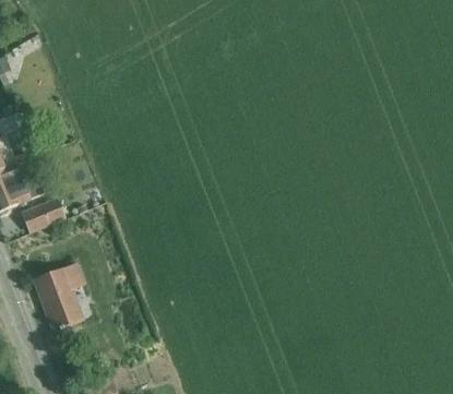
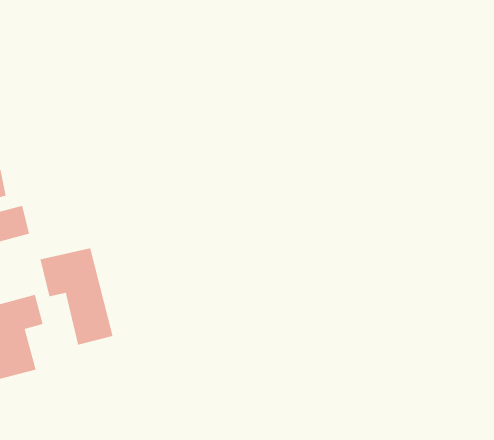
building: none -> [40,247,113,345]

